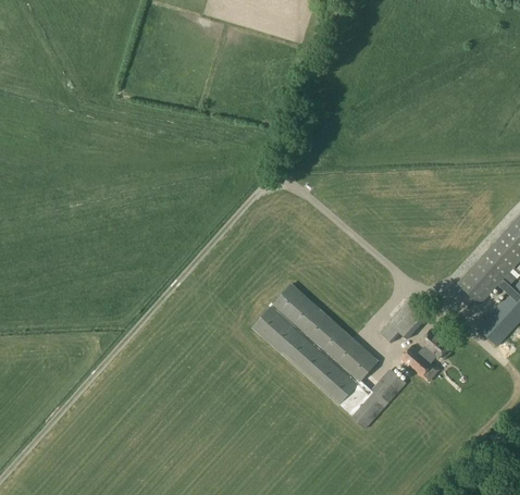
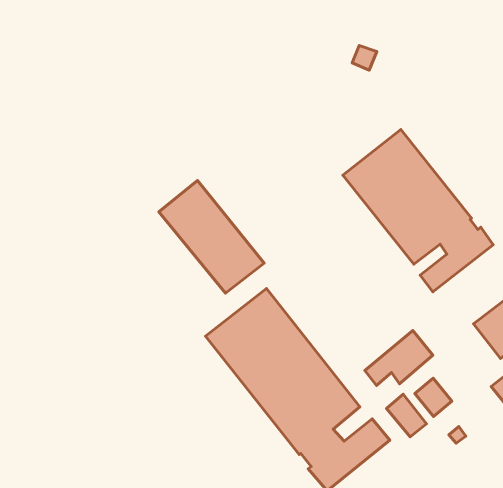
building: none -> [343,129,493,292]
building: none -> [159,181,264,293]

